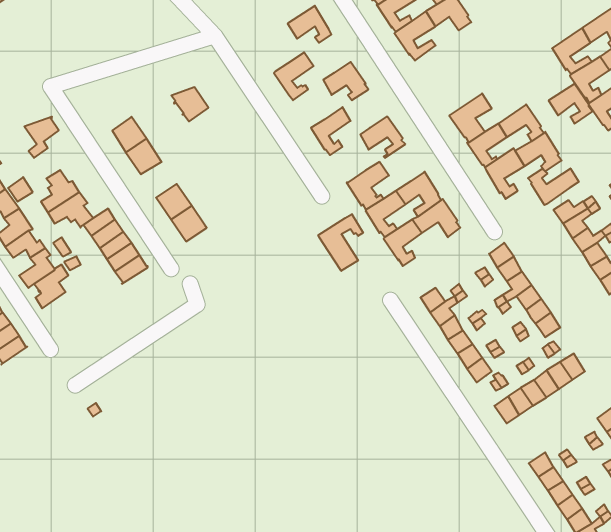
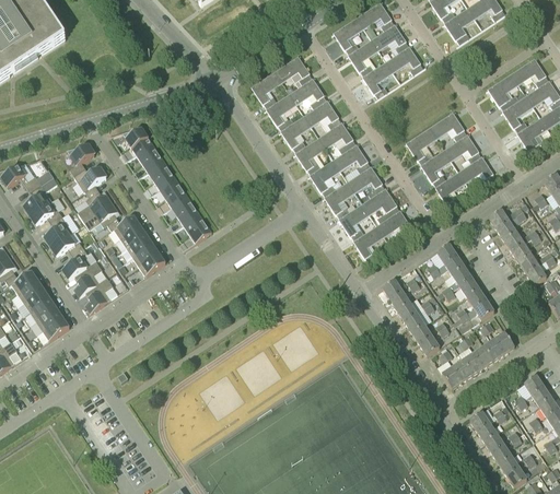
building: none -> [252,69,284,107]
building: none -> [290,77,327,108]
building: none -> [280,114,312,152]
building: [549,84,592,124] -> [432,111,467,143]
building: [171,87,208,121] -> [122,127,152,154]
building: none -> [320,121,355,152]
building: none -> [310,157,341,196]
building: none -> [350,165,385,195]
building: none -> [74,167,106,192]
building: none -> [160,179,188,208]
building: [528,168,579,205] -> none
building: [318,214,363,271] -> none
building: none -> [85,278,113,313]

